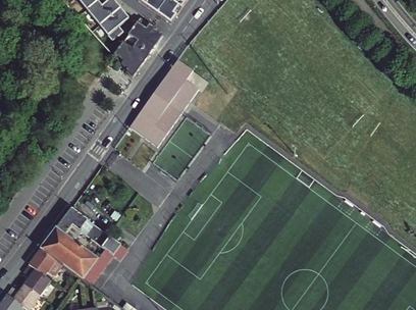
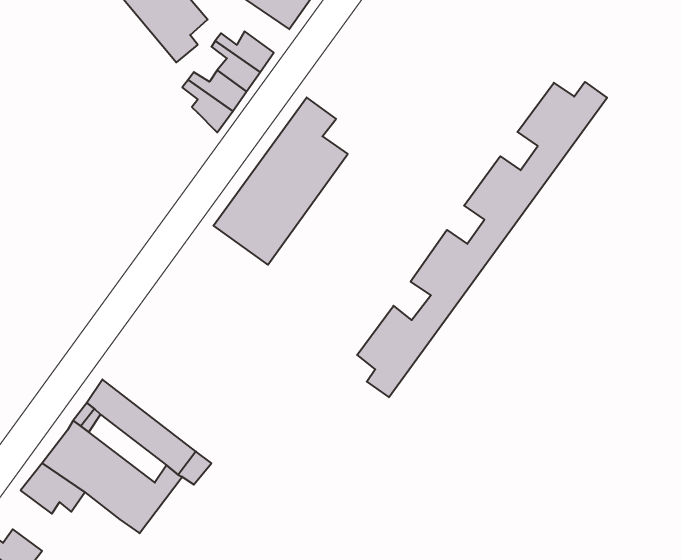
building: none -> [357,82,607,397]
building: [22,262,51,294] -> none

